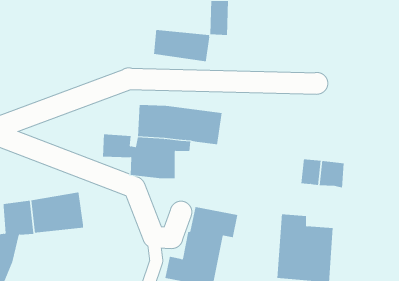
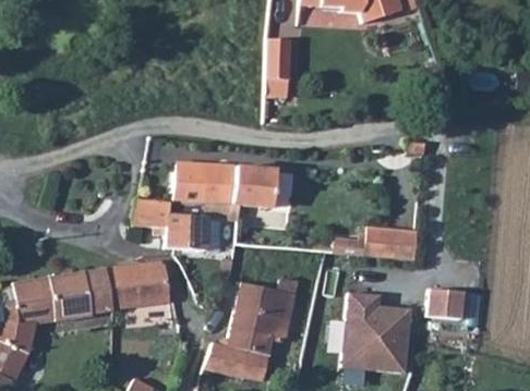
building: [153,29,210,62] -> none
building: none -> [108,261,173,306]
building: none -> [431,288,469,319]

